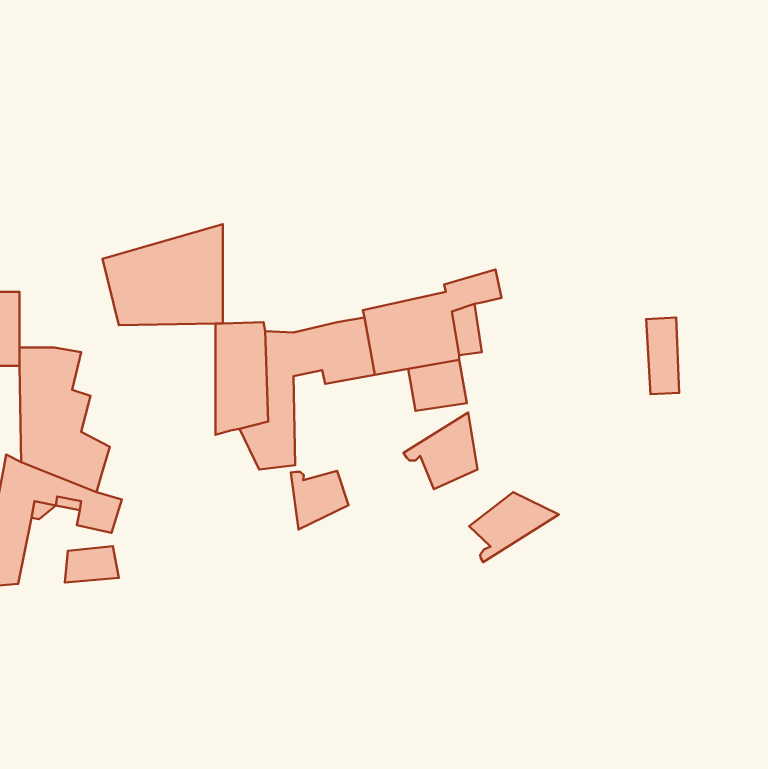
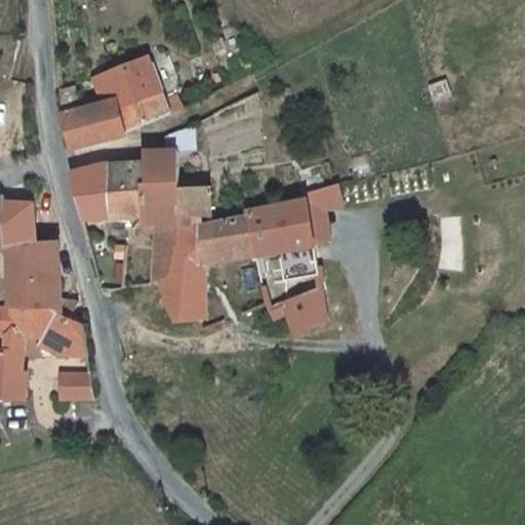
building: none -> [72,54,157,152]
building: none -> [151,149,210,227]
building: none -> [13,196,37,237]
building: [291,471,348,529] -> none
building: [469,492,559,562] -> none

